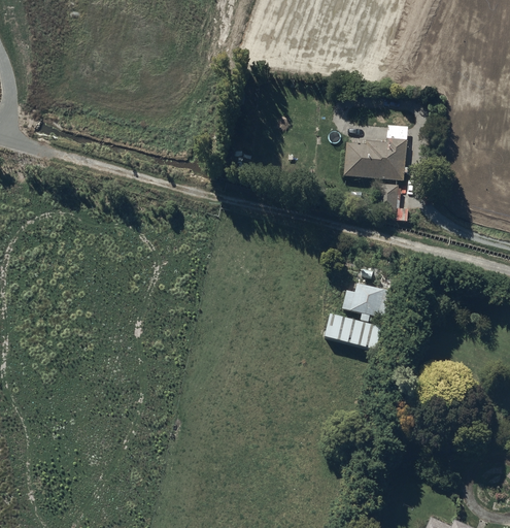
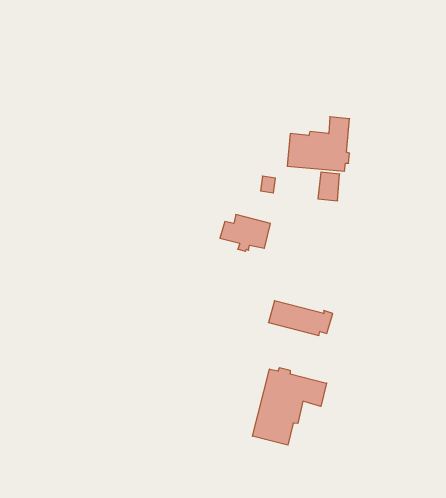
building: [341,282,394,320] -> [220,215,270,251]
building: none -> [252,368,327,445]

